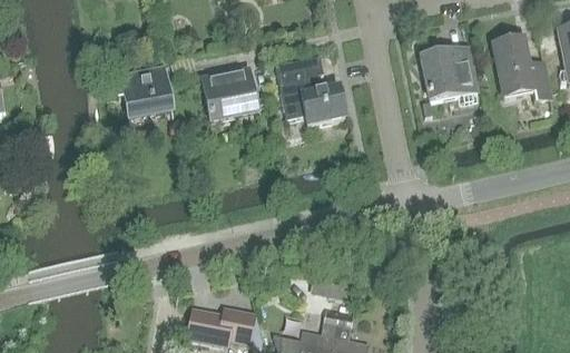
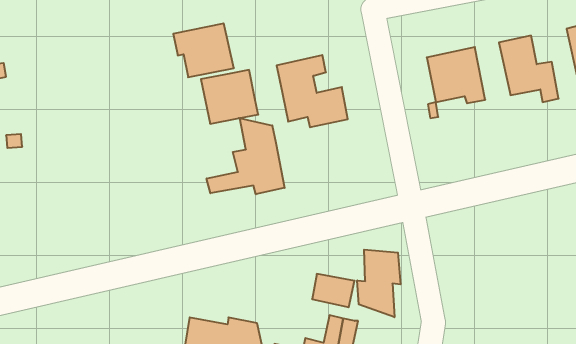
building: [114,66,173,118] -> [173,23,234,77]
building: none -> [207,118,285,194]
building: none -> [357,250,400,317]

